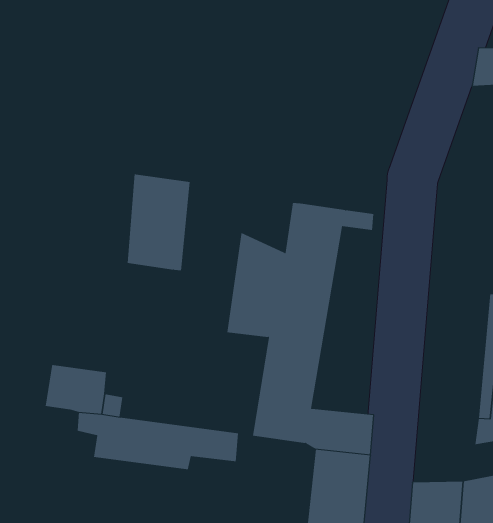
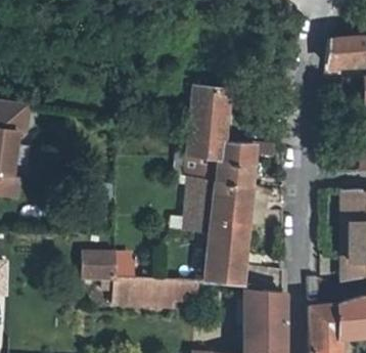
building: [127,174,191,271] -> [193,86,228,142]

